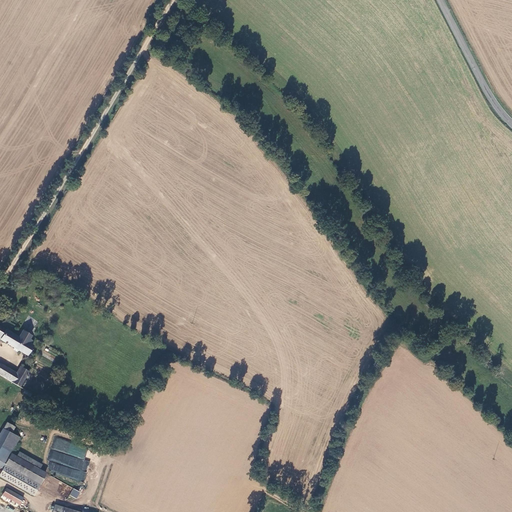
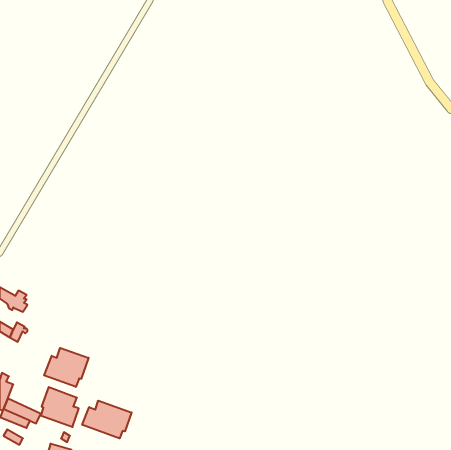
building: none -> [44,348,89,387]
building: none -> [82,401,132,438]

